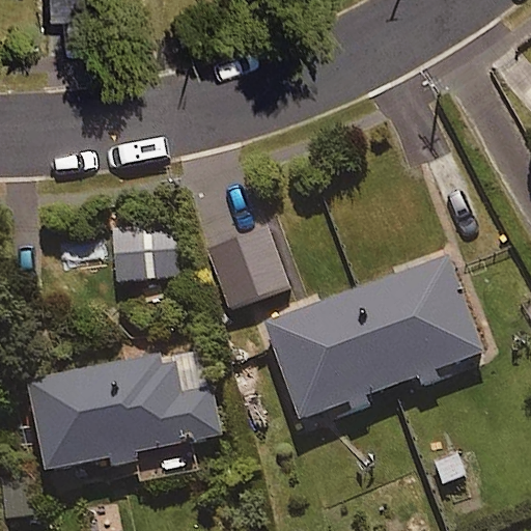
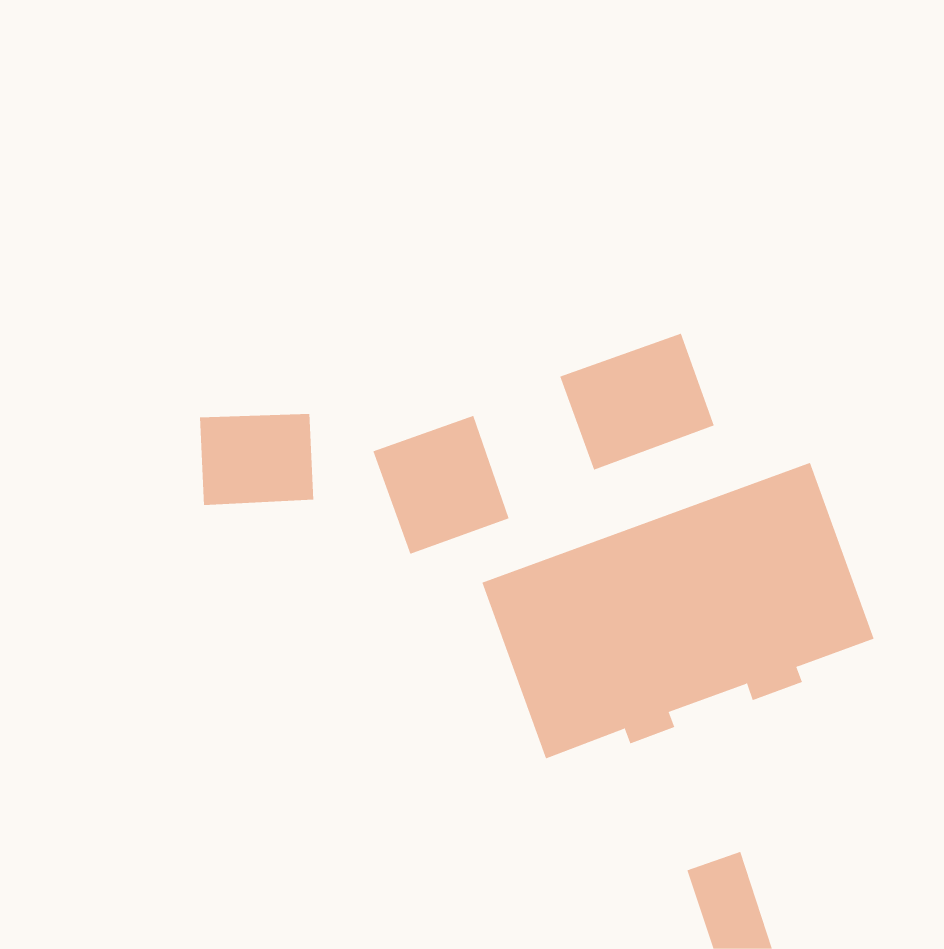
building: none -> [559,333,714,470]
building: [28,342,220,474] -> none

